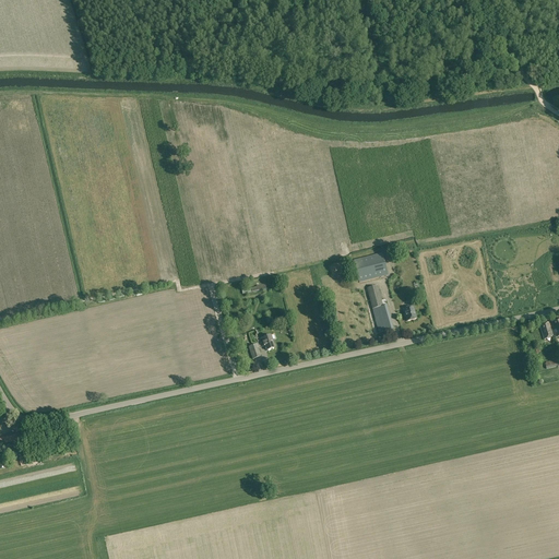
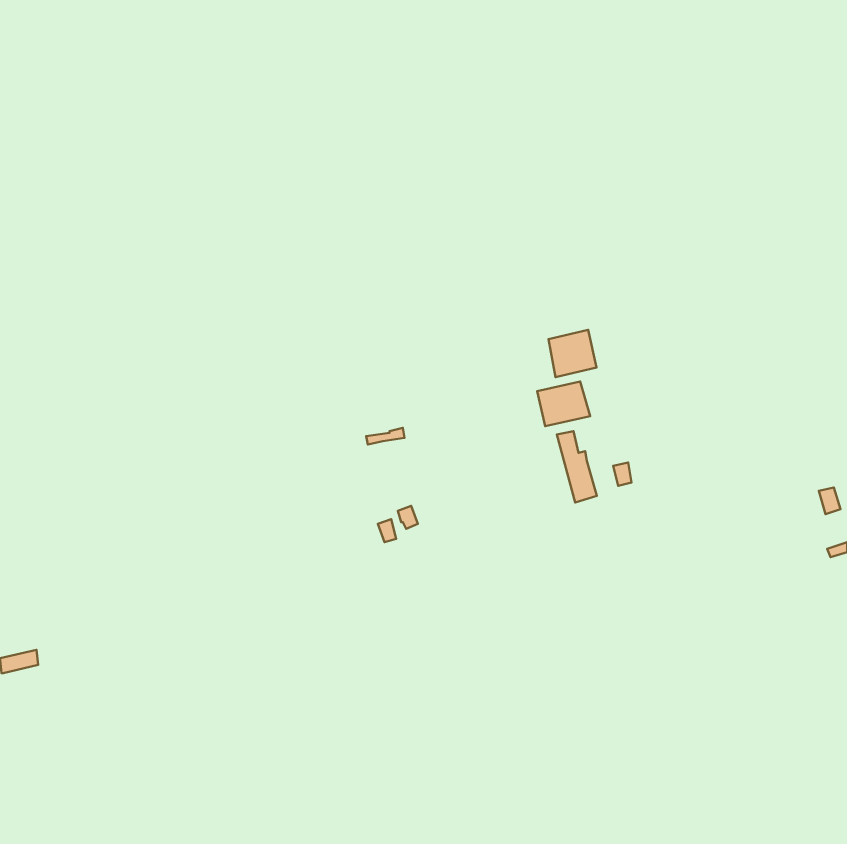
building: none -> [549,330,597,377]

